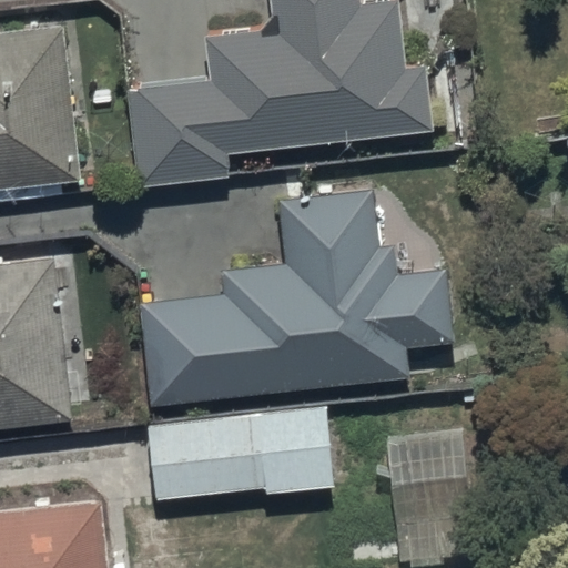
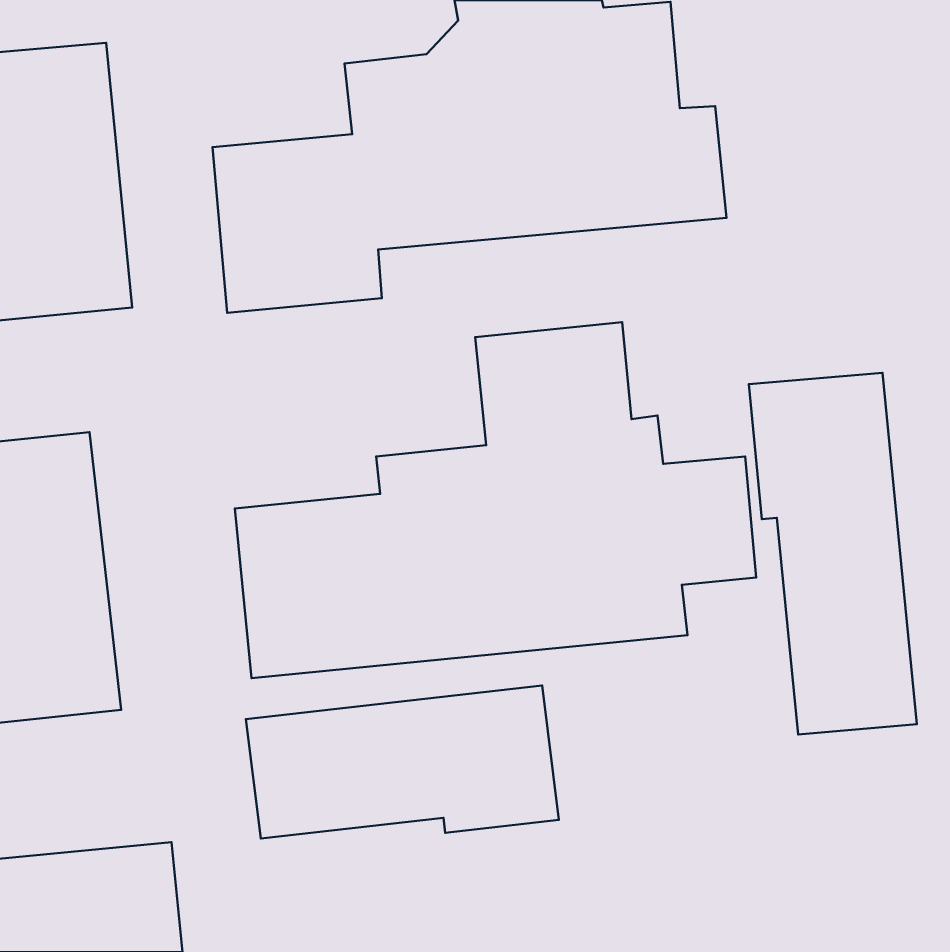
building: none -> [749,373,917,734]
building: [384,420,480,559] -> none

